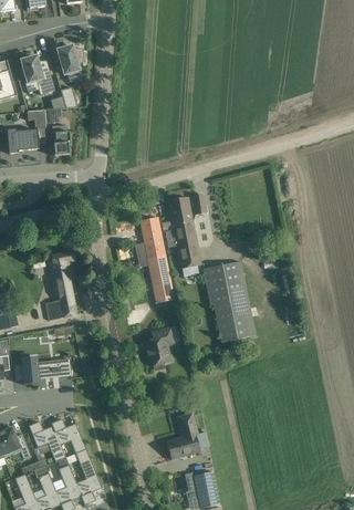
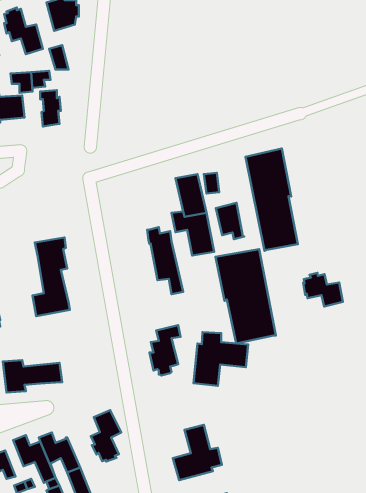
building: none -> [246,149,298,251]
building: [139,217,164,248] -> [216,203,244,239]
building: none -> [303,273,343,307]
building: none -> [194,332,248,386]
building: none -> [91,410,121,462]

